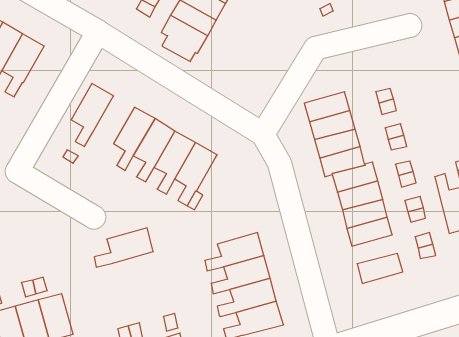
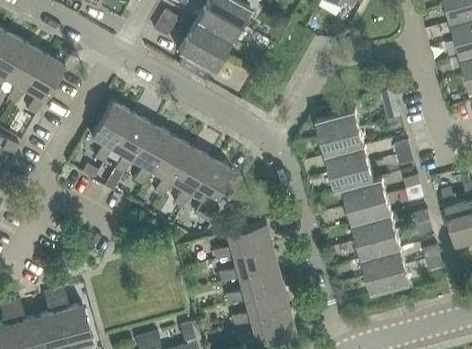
building: none -> [111,113,151,174]
building: [94,228,153,267] -> [213,222,270,260]
building: none -> [361,247,405,275]

